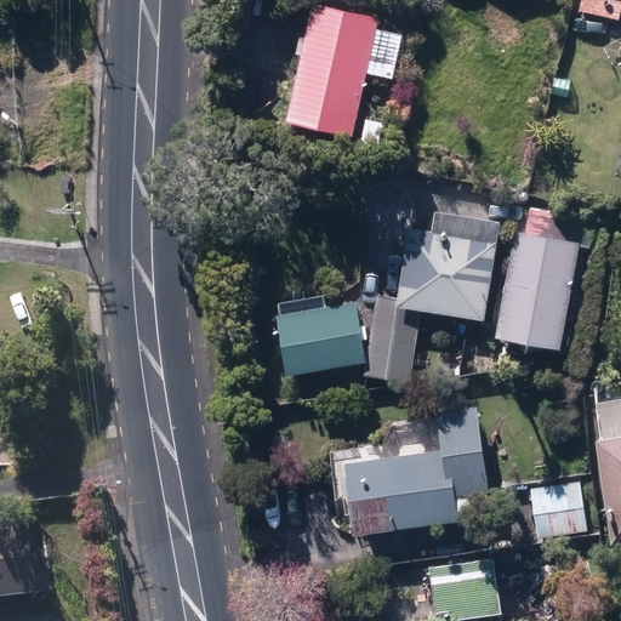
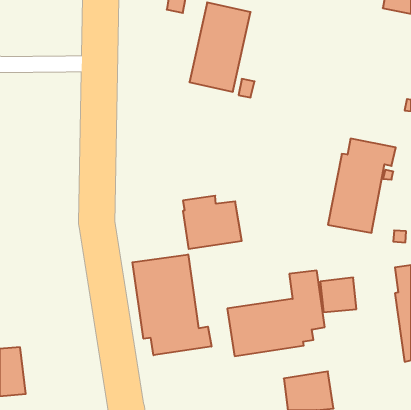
building: [364,212,498,383] -> none
building: none -> [132,254,211,355]
building: [530,482,585,534] -> [320,278,356,312]

